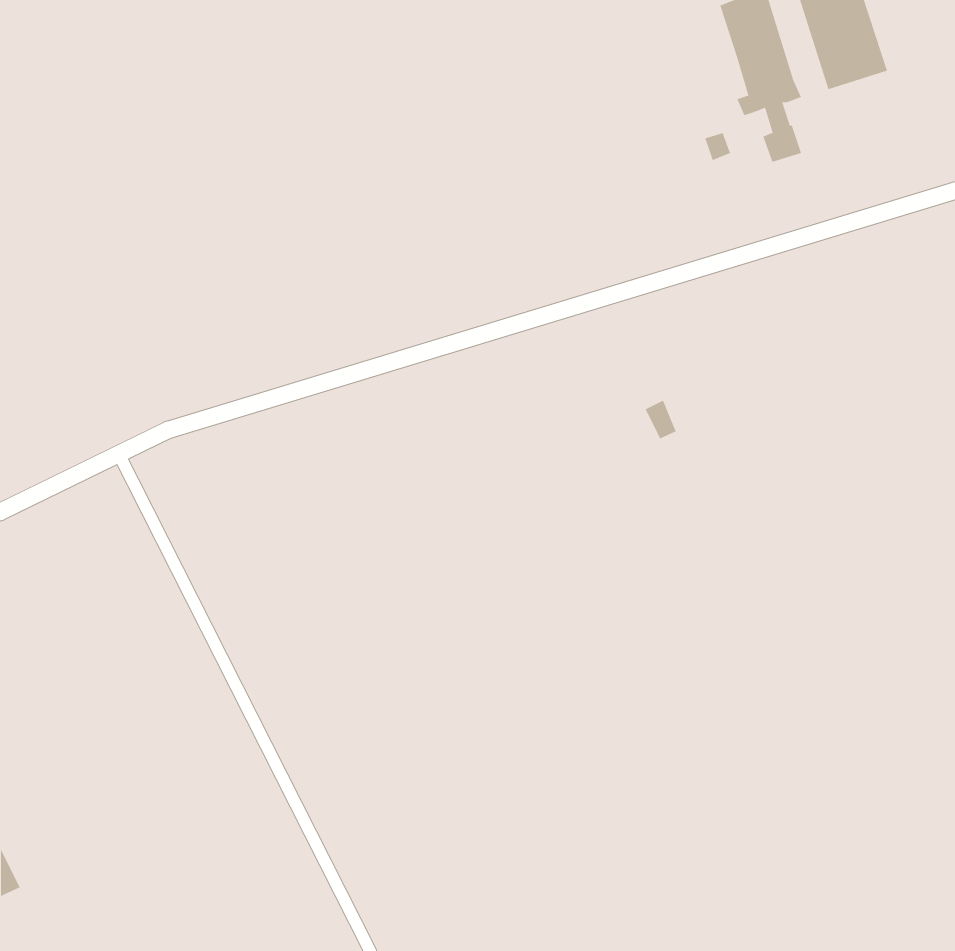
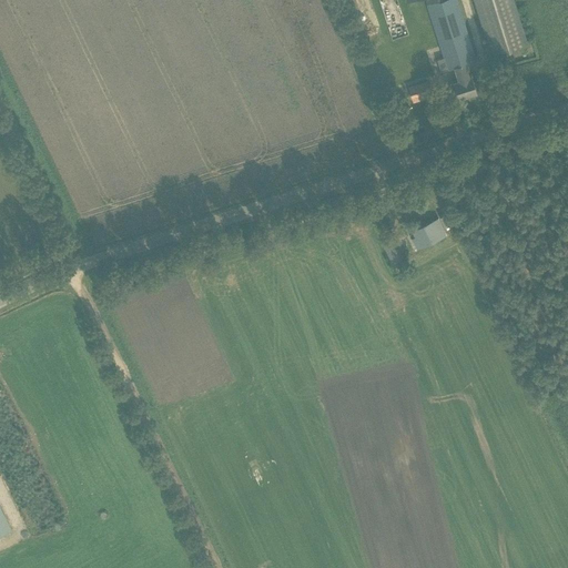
building: none -> [412,216,446,247]

